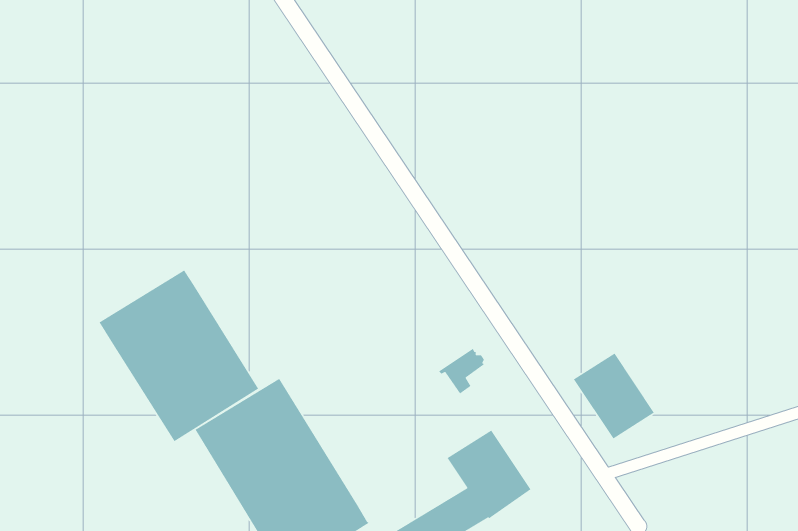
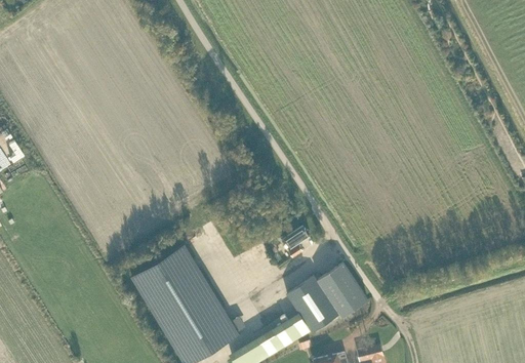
building: [99,269,259,442] -> none
building: [573,353,655,439] -> [317,264,367,317]

